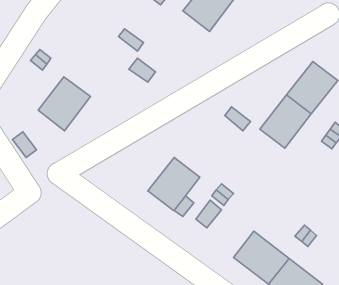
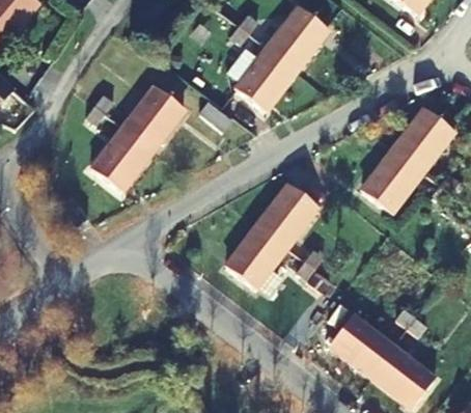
building: none -> [237,46,299,110]
building: none -> [122,85,186,149]
building: none -> [256,182,318,247]

